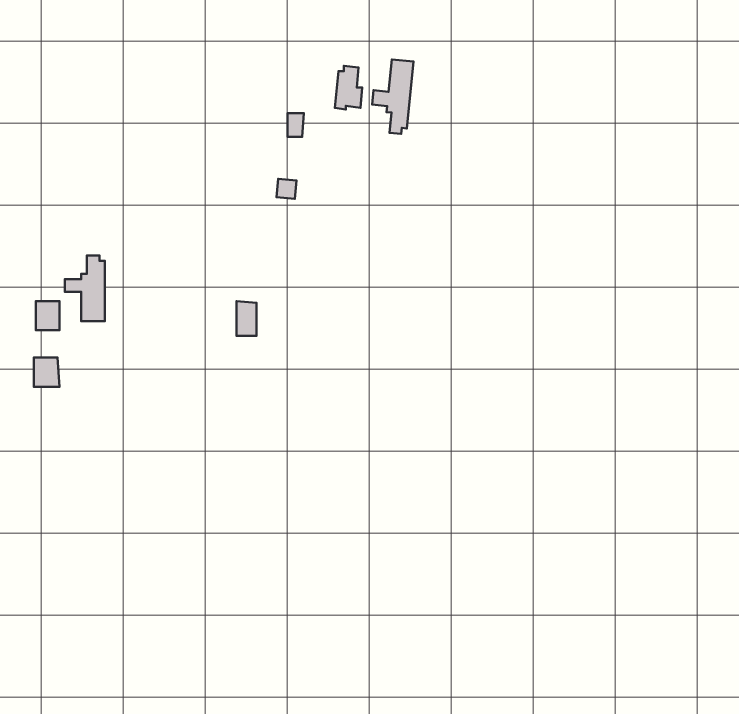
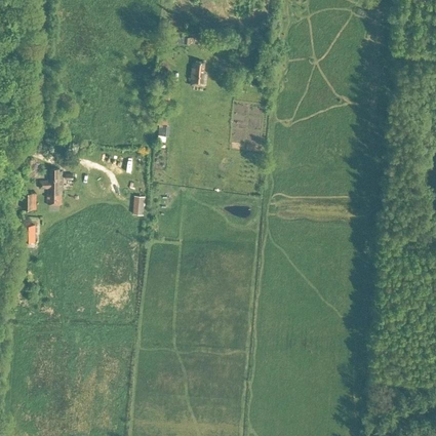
building: [372,59,414,134] -> none

